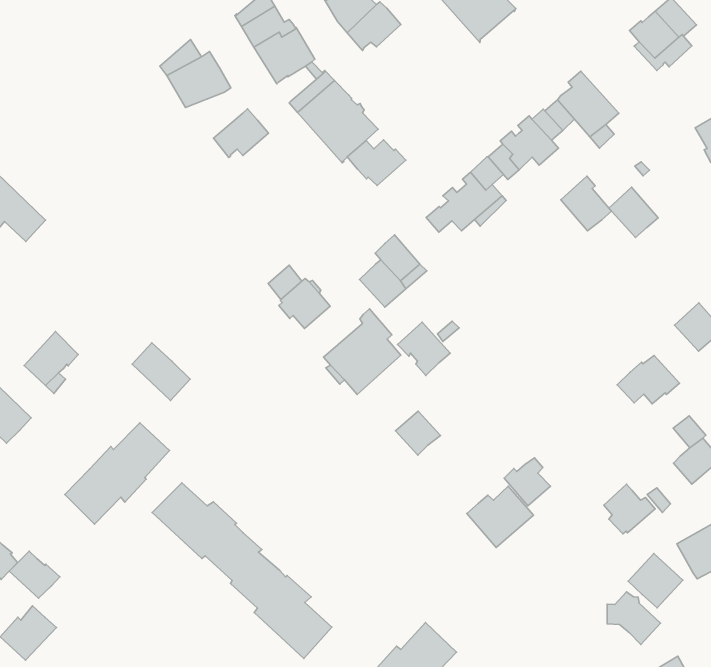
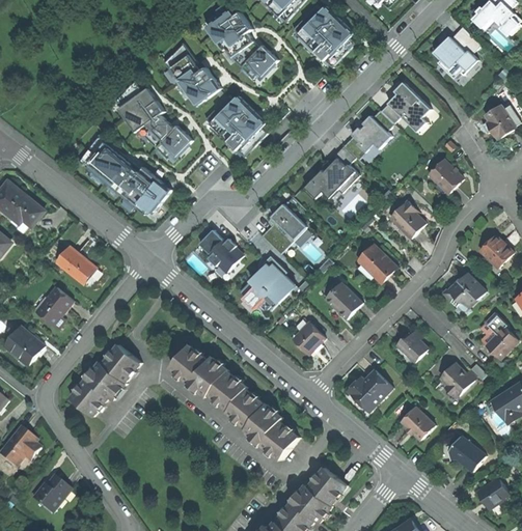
building: none -> [134,114,173,146]
building: none -> [76,134,171,215]
building: [347,140,406,185] -> none
building: [561,176,612,231] -> [390,200,425,237]
building: none -> [358,245,396,282]
building: [398,322,450,376] -> [325,282,361,318]
building: [132,343,190,400] -> [56,246,97,284]
building: [504,458,551,506] -> [396,329,429,362]
building: [152,483,332,659] -> [170,345,299,459]
building: none -> [401,407,433,439]
building: [9,551,60,598] -> none
building: [628,553,683,608] -> none

